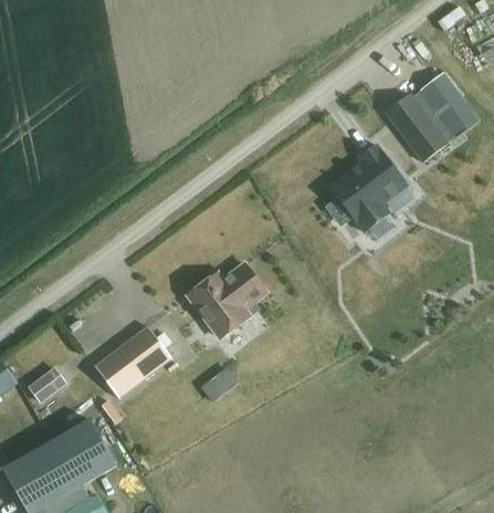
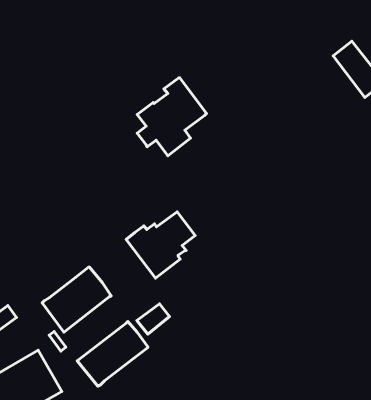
building: [386,94,446,161] -> none
building: [329,145,407,232] -> [137,78,206,156]
building: none -> [77,321,148,386]

